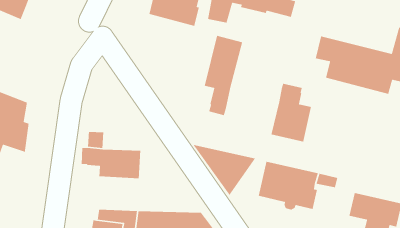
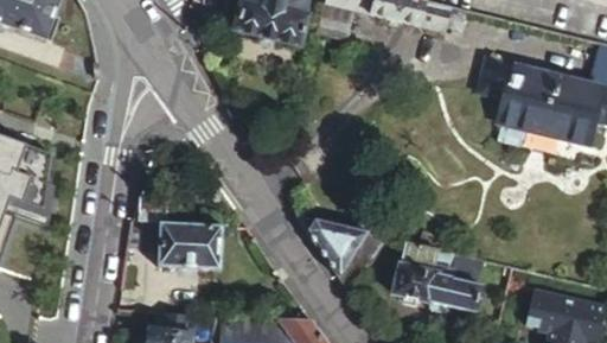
building: [204,35,243,116] -> none
building: [270,83,312,142] -> none

